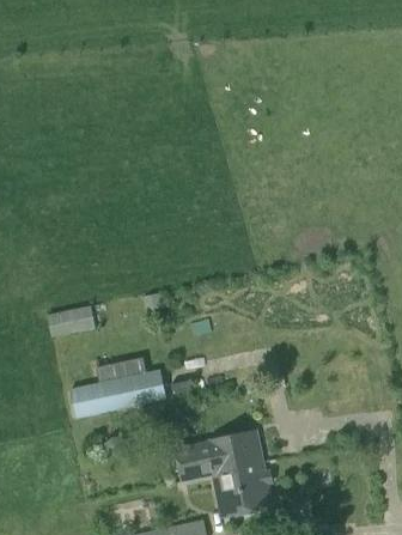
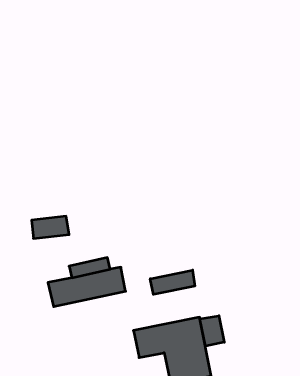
building: none -> [150,270,195,294]
building: none -> [200,316,224,346]

